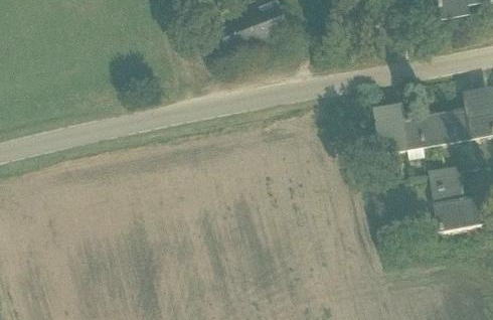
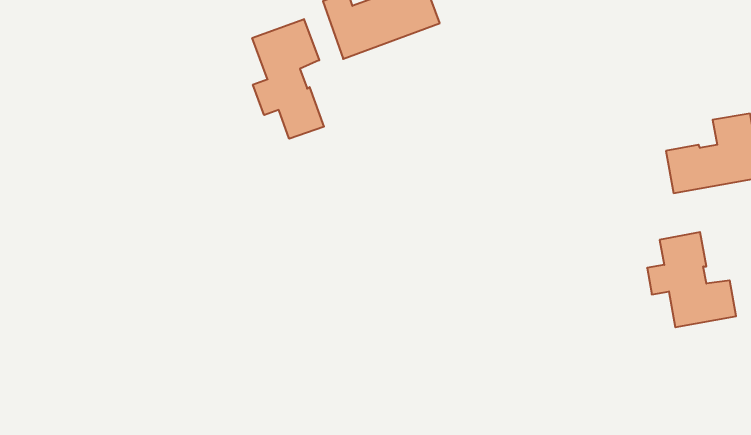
building: none -> [252,19,324,139]
building: [377,105,442,150] -> none

